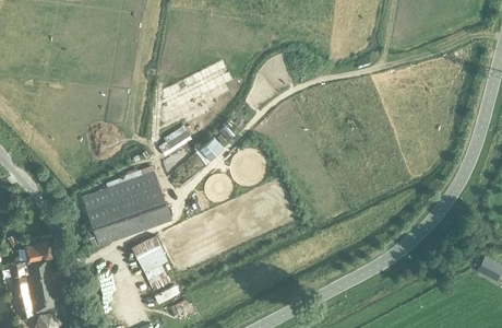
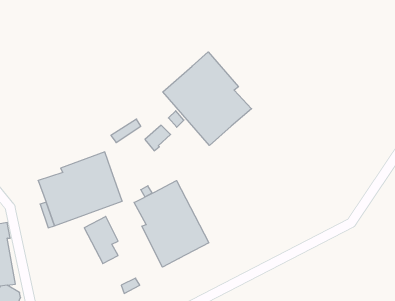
building: none -> [163,52,252,145]
building: none -> [134,181,209,267]

